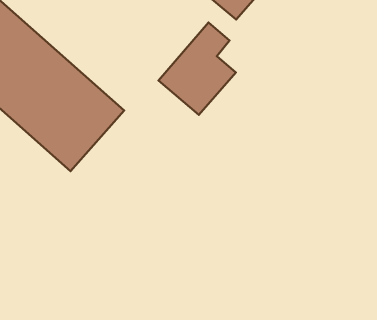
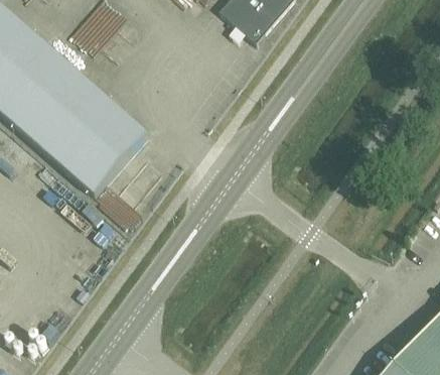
building: [158,23,236,115] -> none

